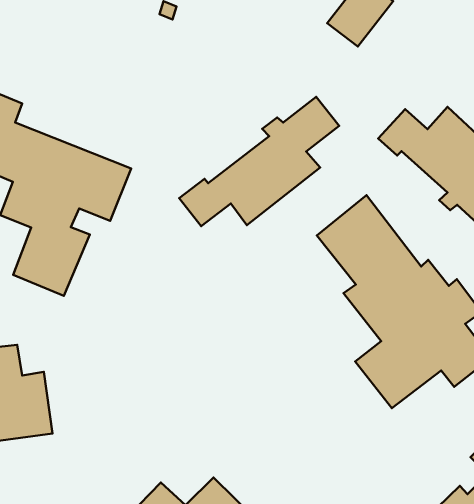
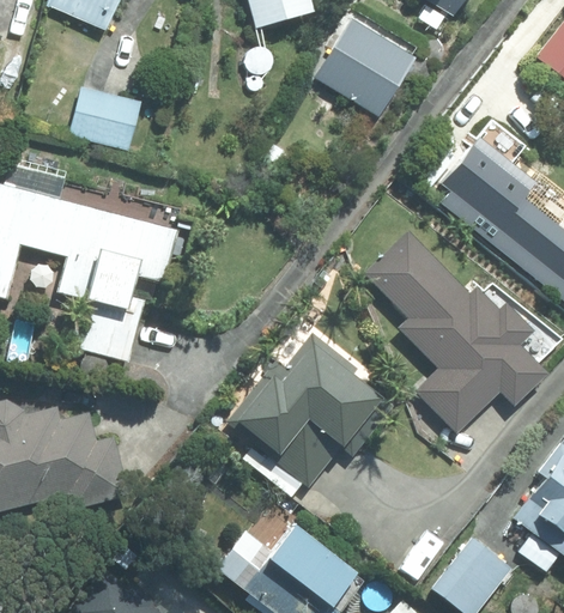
building: none -> [69,87,140,151]
building: [179,97,339,226] -> none
building: none -> [228,335,393,488]

